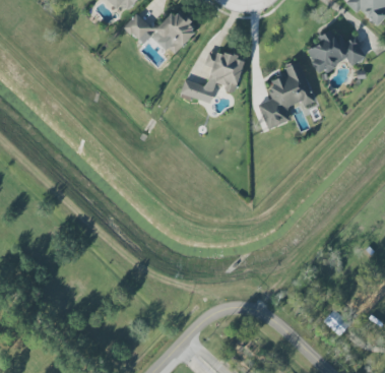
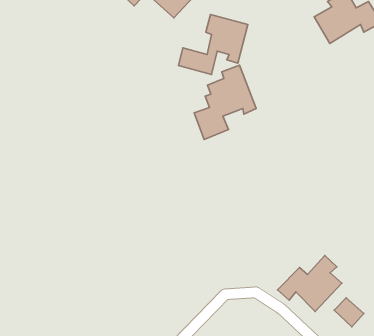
building: [258,60,315,128] -> [194,65,256,139]
building: none -> [278,255,342,311]

